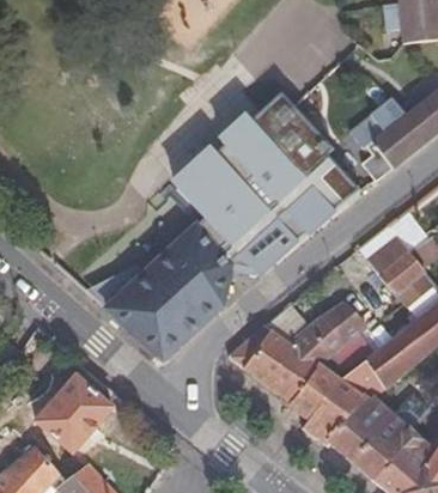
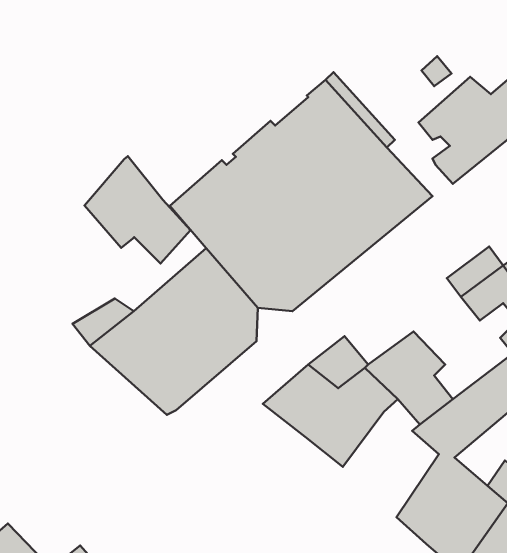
building: none -> [85,156,191,263]
building: [288,351,361,442] -> none
building: [36,376,111,452] -> none

